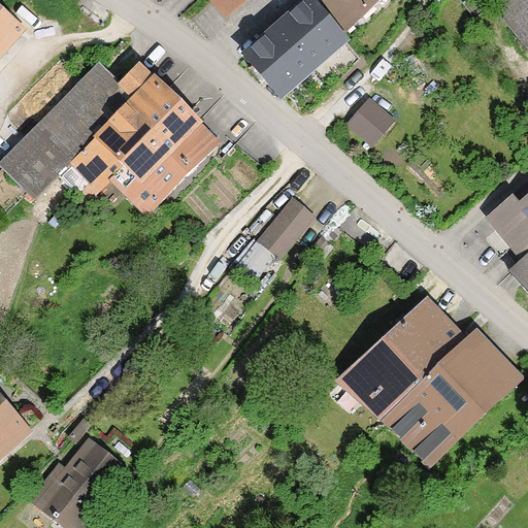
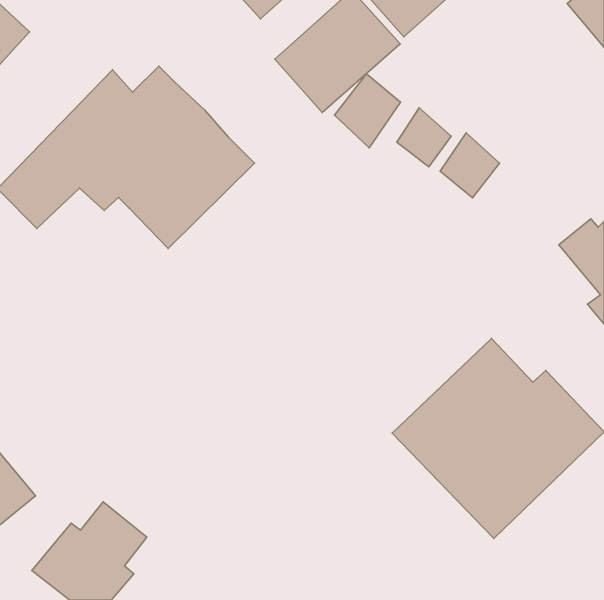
building: none -> [334,74,401,148]
building: none -> [440,133,499,198]
building: [239,196,319,276] -> none

